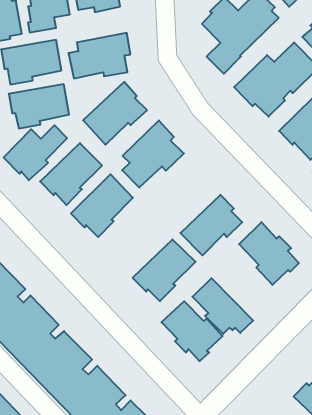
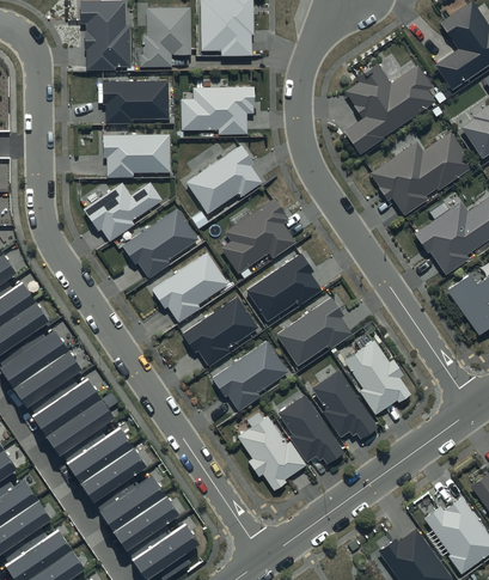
building: none -> [246,252,322,320]
building: none -> [182,297,259,367]
building: none -> [312,370,379,440]

